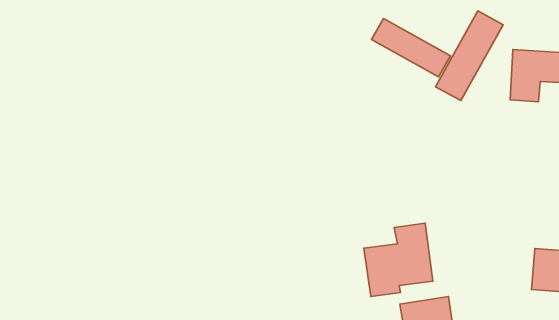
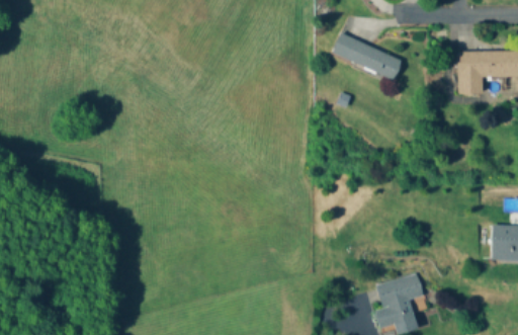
building: [435,11,503,101] -> none
building: [364,223,433,296] -> none

